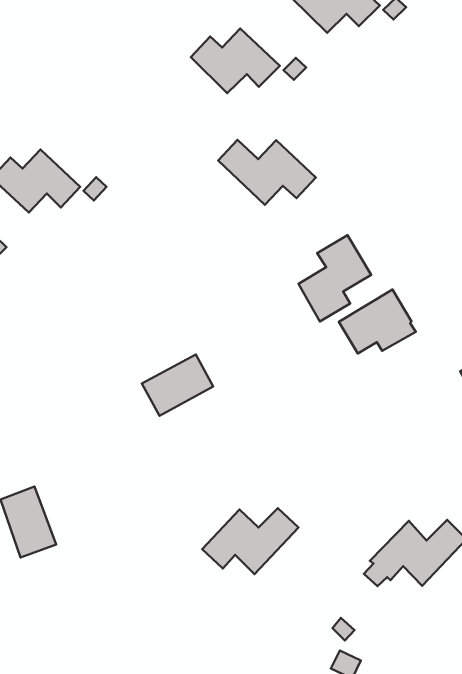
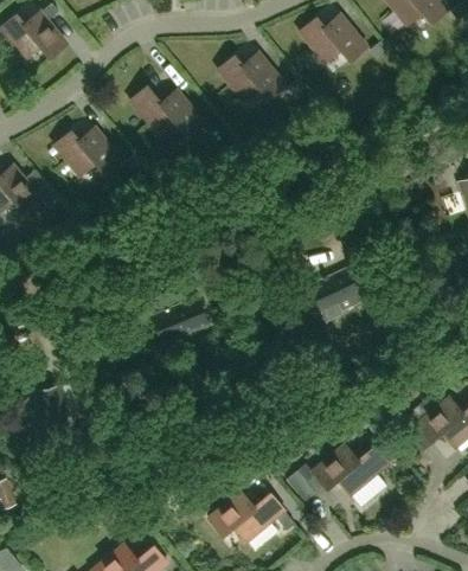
building: [218,140,316,205] -> [129,86,203,139]
building: [298,235,371,322] -> none
building: [202,508,299,574] -> [207,492,283,543]

